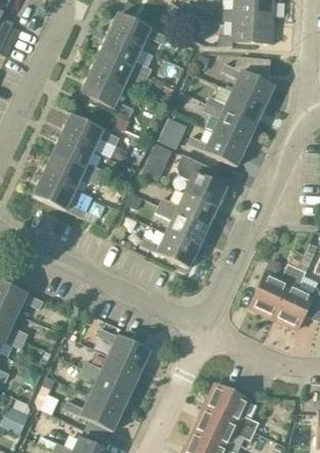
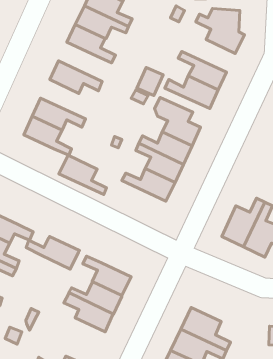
building: [205,91,264,127] -> none
building: [51,135,103,178] -> [59,155,107,194]
building: [63,396,122,432] -> [26,236,79,269]

